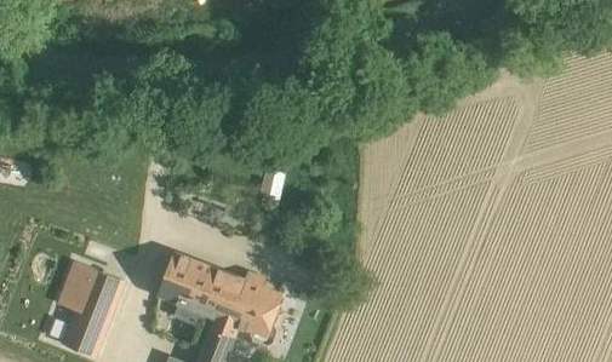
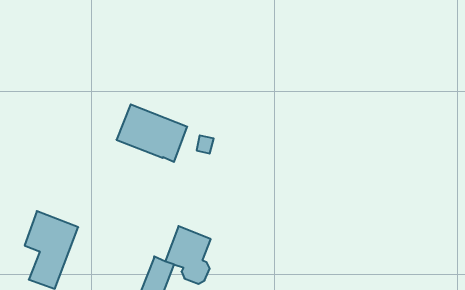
building: [158,252,242,321] -> [116,104,187,162]

